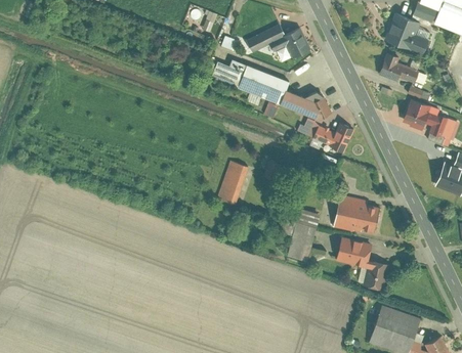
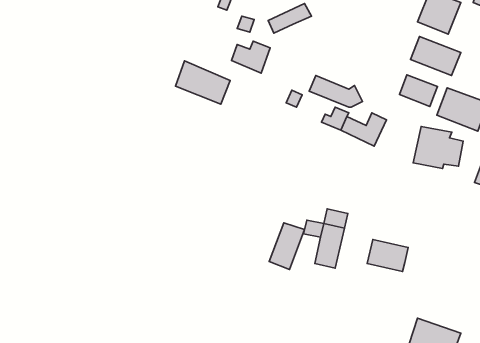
building: [270,29,311,58] -> none
building: [242,64,291,103] -> [175,61,230,104]
building: none -> [399,75,437,106]
building: [218,162,250,204] -> [269,223,304,270]
building: [333,193,378,231] -> [413,126,463,169]
building: [365,257,390,289] -> none

